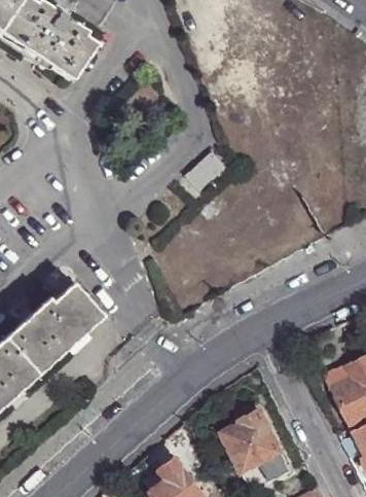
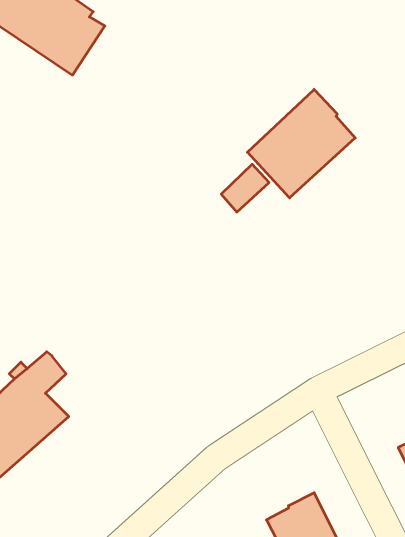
building: none -> [247,89,355,198]
building: [46,284,102,352] -> none

